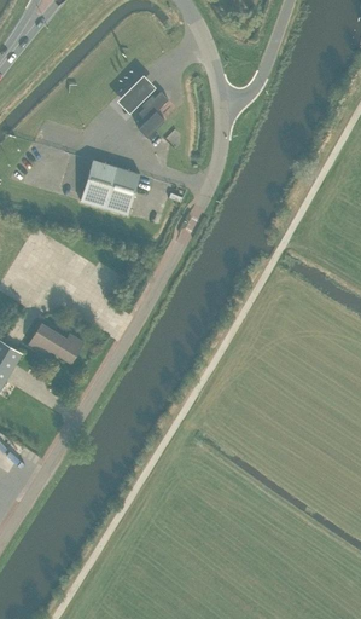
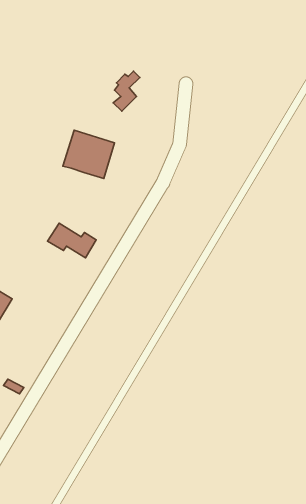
building: [116,73,156,112] -> none
building: [28,323,83,363] -> [48,223,96,258]

